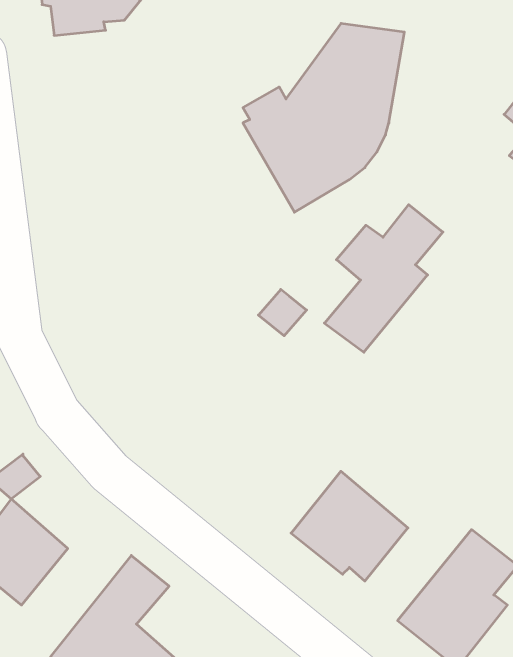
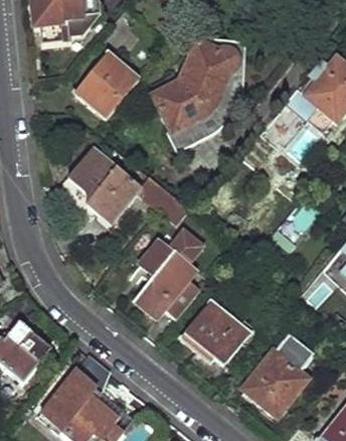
building: none -> [75,52,142,119]
building: [324,205,443,352] -> [133,230,202,316]
building: none -> [67,148,139,224]

